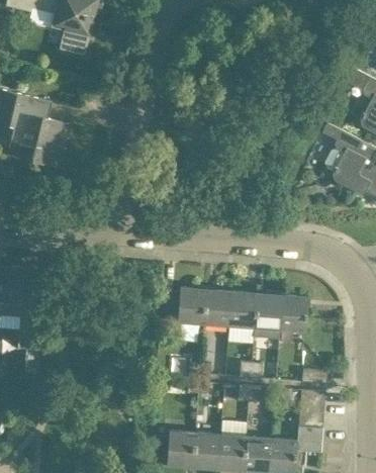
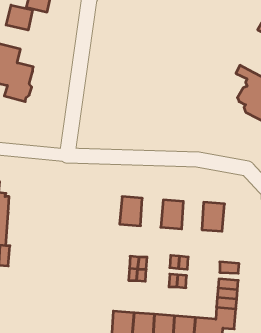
building: none -> [6,5,32,30]
building: [203,289,231,325] -> none
building: [254,293,282,339] -> none

